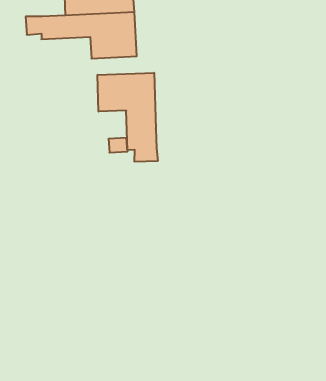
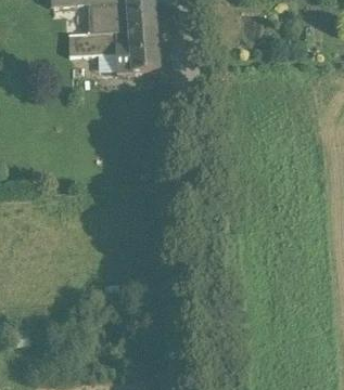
building: [98,73,158,162] -> none

